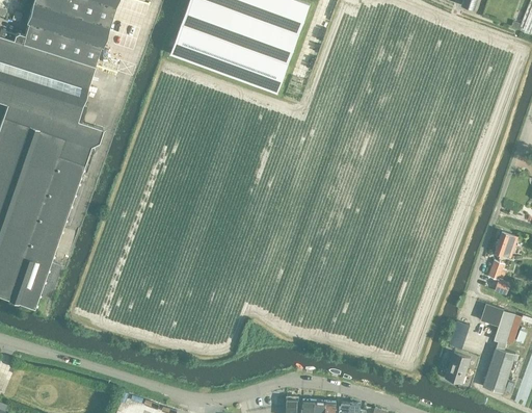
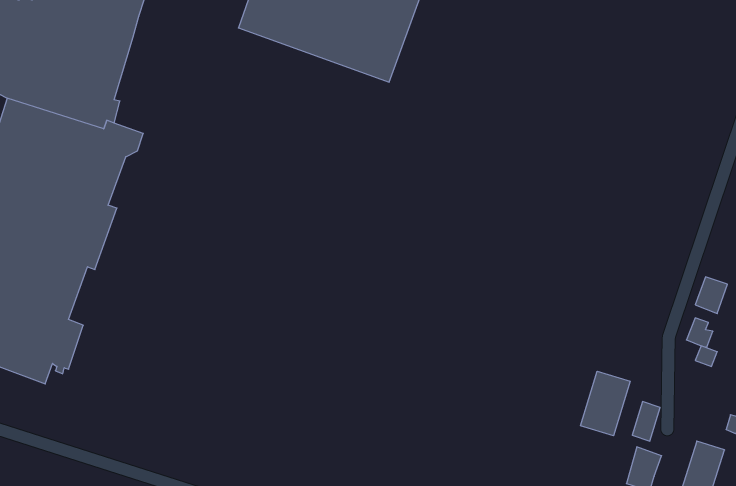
building: none -> [581,371,630,436]
building: [480,303,515,344] -> none

